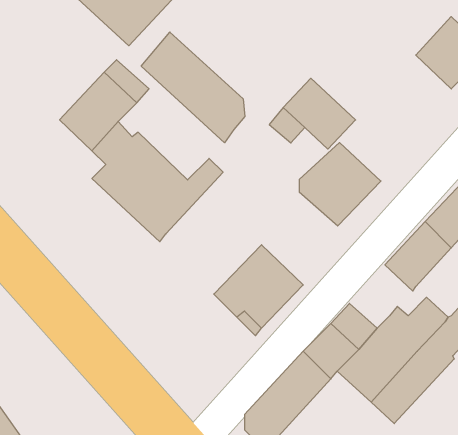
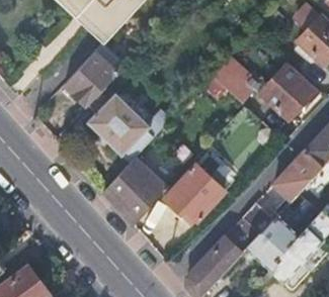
building: [141,32,245,143] -> none
building: [299,143,381,226] -> [263,65,317,119]
building: none -> [103,159,168,226]

